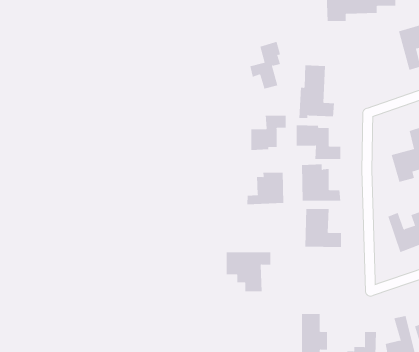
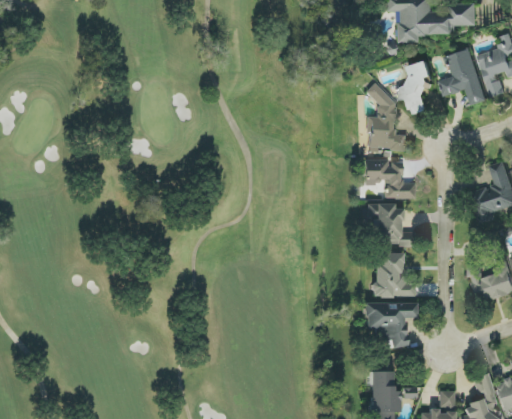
building: none -> [441,49,487,105]
building: [250,41,281,89] -> [397,61,432,115]
building: [251,115,286,151] -> none
building: [247,172,284,205] -> none
building: [226,252,271,292] -> [365,303,416,348]

